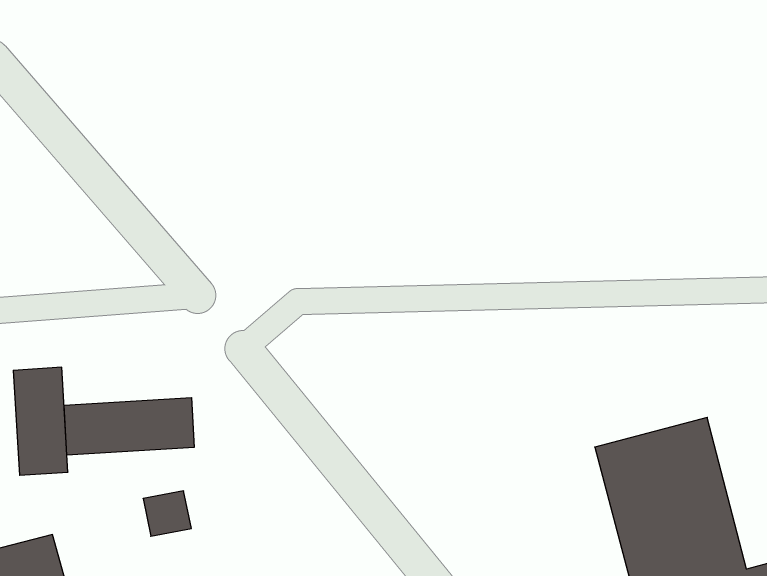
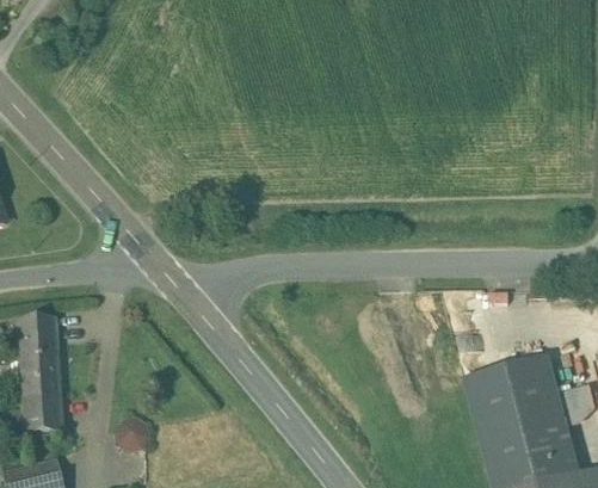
building: [64,398,194,455] -> none
building: none -> [24,396,62,431]

